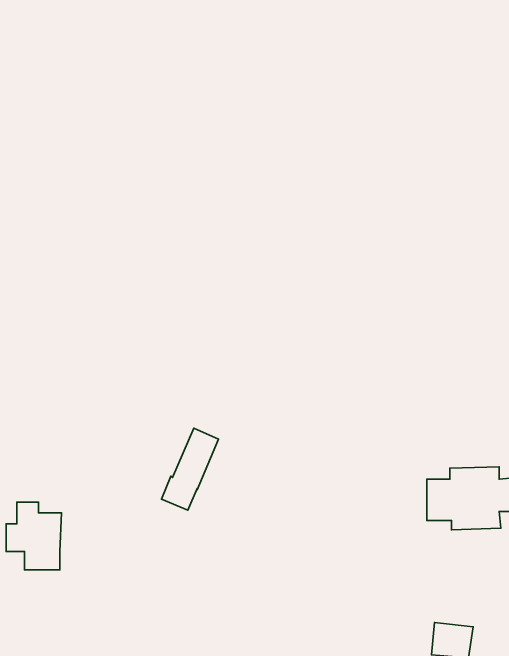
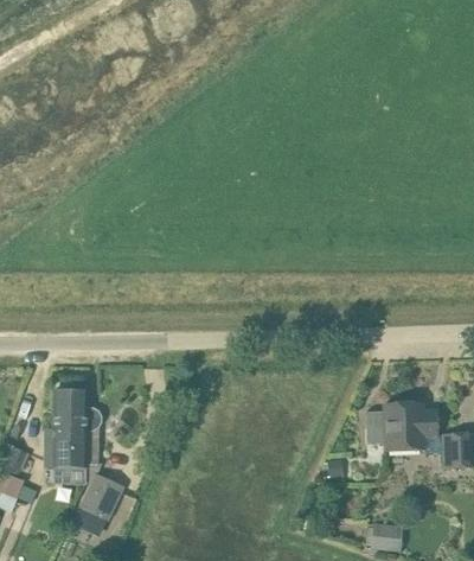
building: [162,428,219,510] -> [88,461,132,524]
building: none -> [52,391,101,438]

